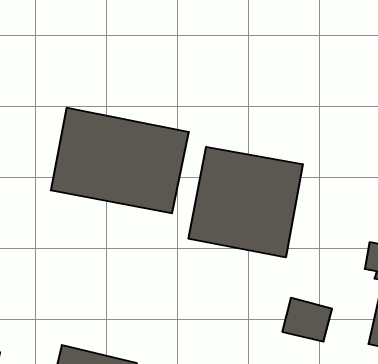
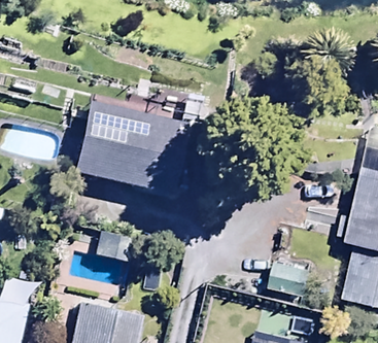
building: [189,147,303,257] -> none

